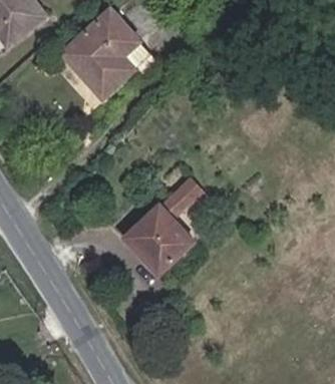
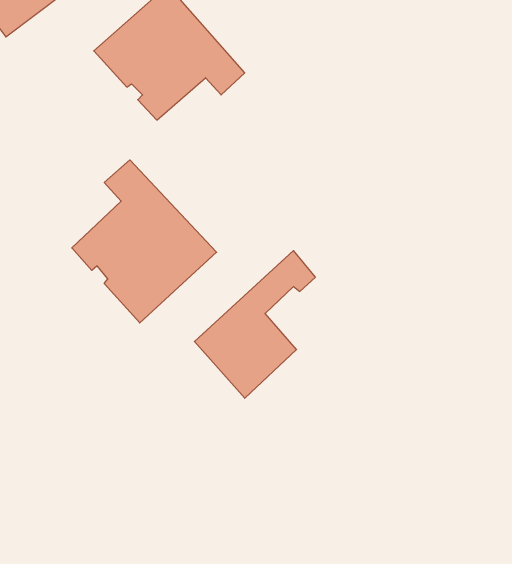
building: none -> [72,160,217,323]

